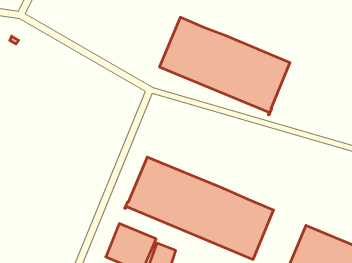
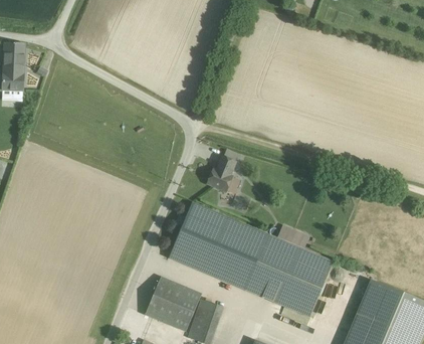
building: [160,17,290,115] -> none
building: none -> [207,156,236,191]

